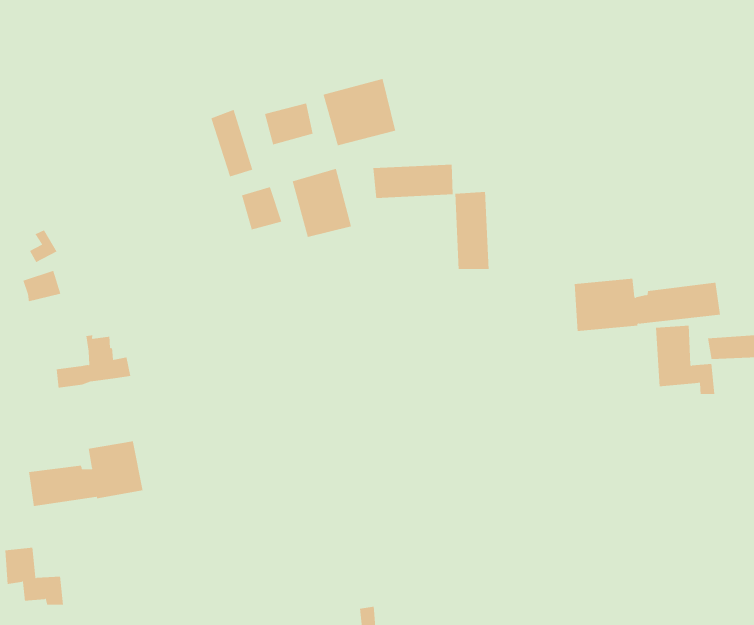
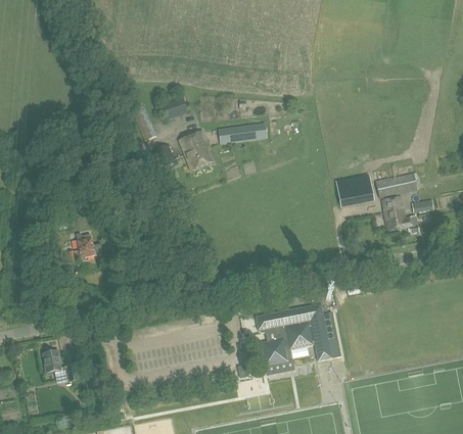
building: [323,78,396,146] -> none
building: [455,191,489,270] -> none
building: [28,441,143,507] -> none
building: none -> [254,303,339,365]

